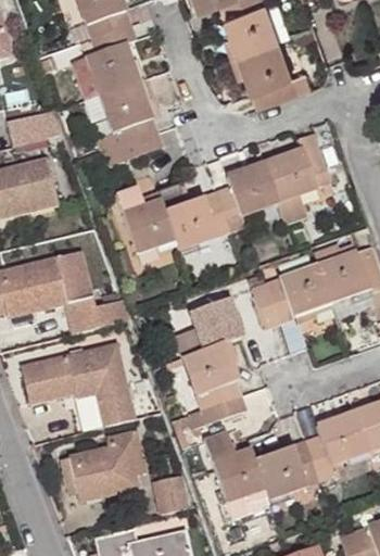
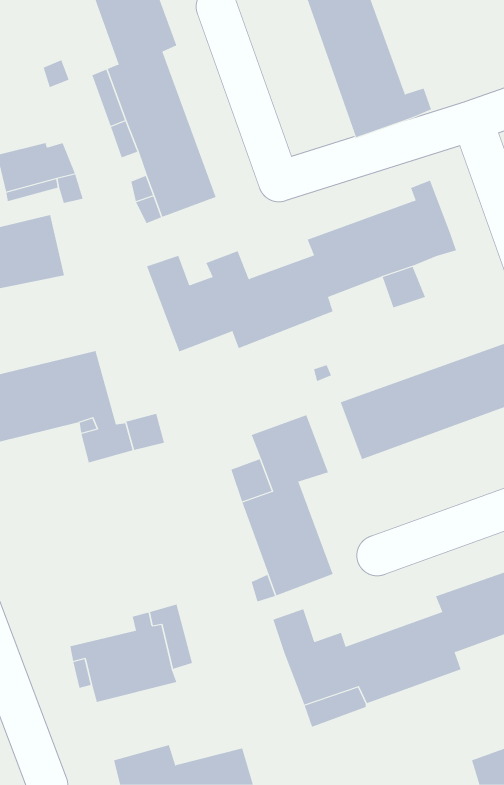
building: [22,342,137,425] -> none
building: [150,470,188,510] -> none

